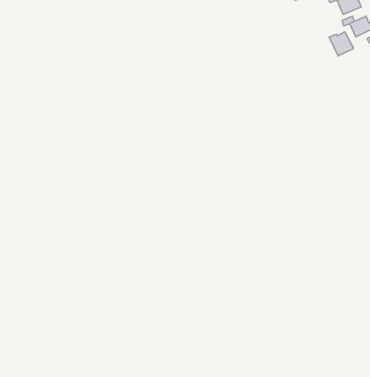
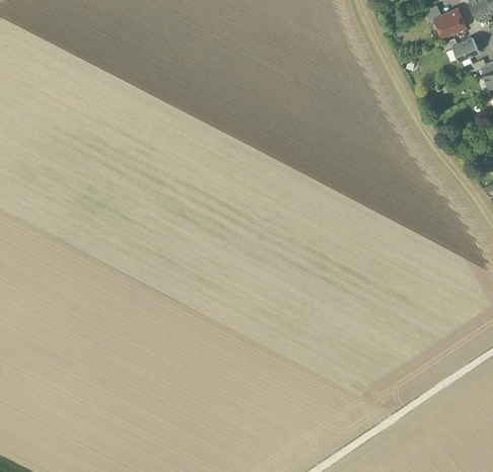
building: [329,32,354,56] -> none

